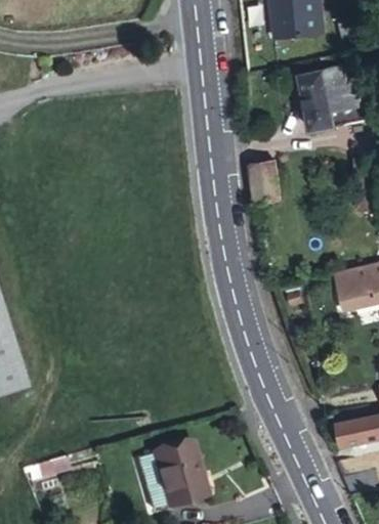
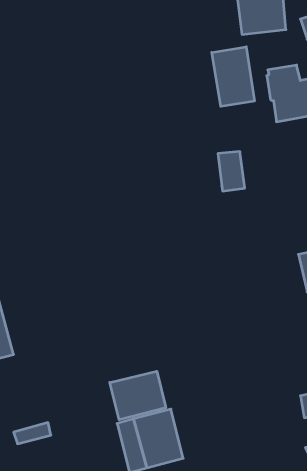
building: none -> [212,47,254,106]
building: none -> [110,371,166,420]

